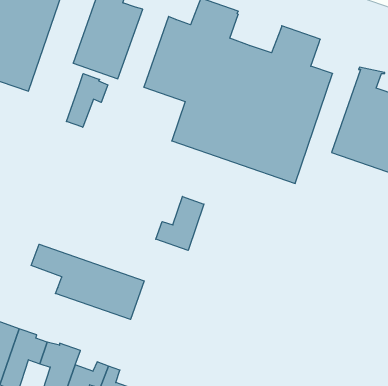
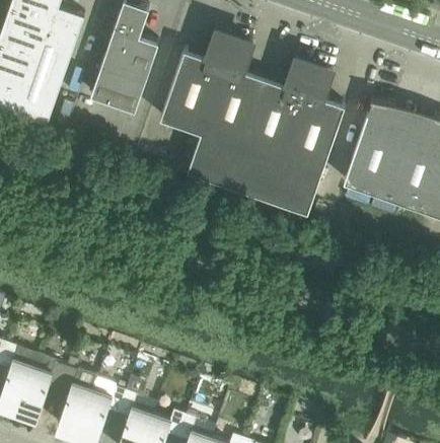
building: [66,74,108,127] -> none
building: [156,196,204,250] -> none
building: [31,244,144,319] -> none

